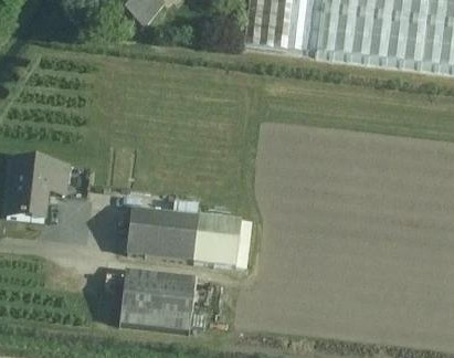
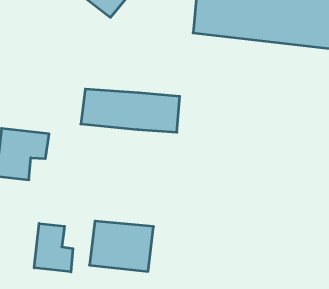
building: [128,210,247,262] -> [81,89,180,132]
building: none -> [34,223,73,272]

